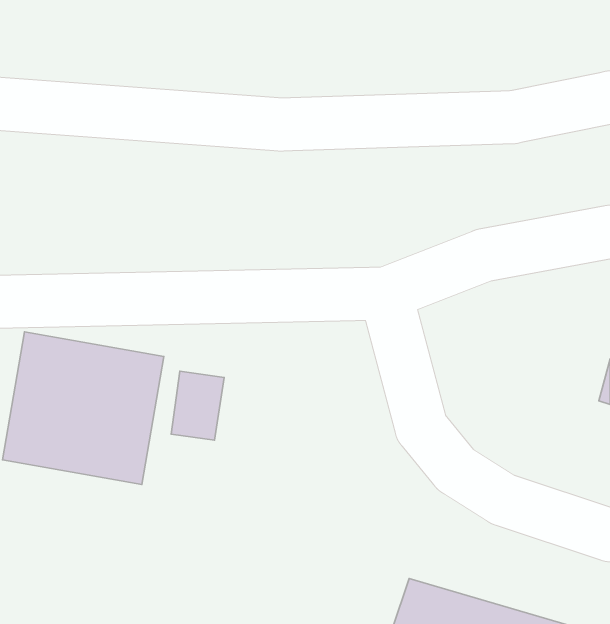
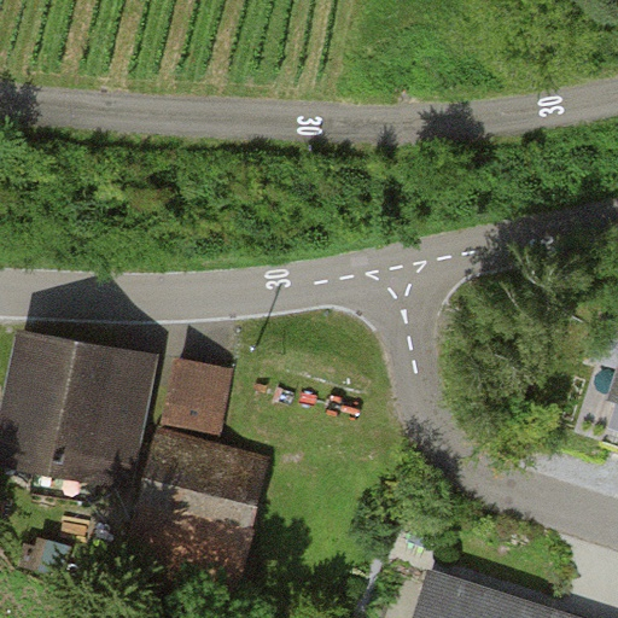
building: none -> [138,437,273,560]

